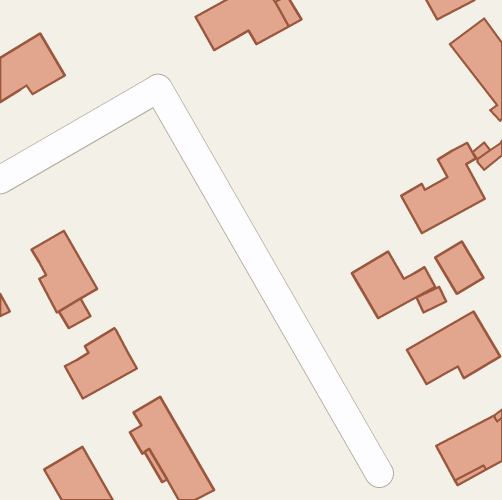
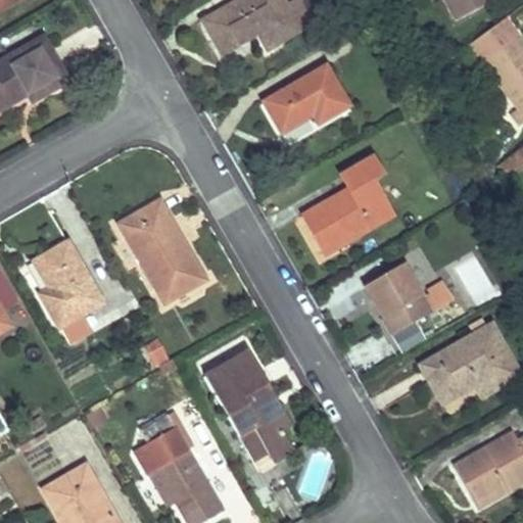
building: none -> [267,64,349,129]
building: [401,143,485,233] -> [305,155,392,249]
building: none -> [118,198,205,302]
building: [65,328,137,399] -> none
building: none -> [204,349,293,469]

